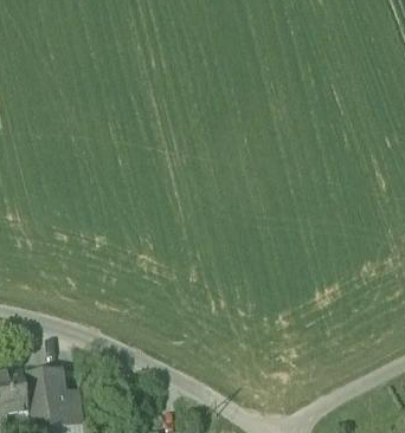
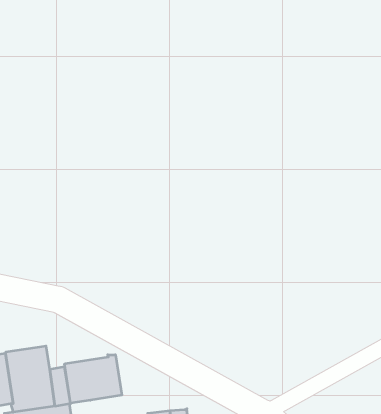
building: none -> [65,355,122,403]

